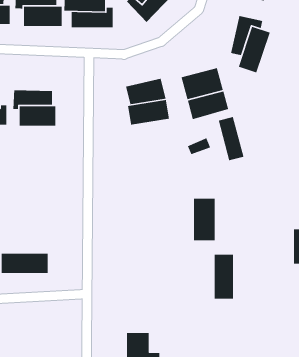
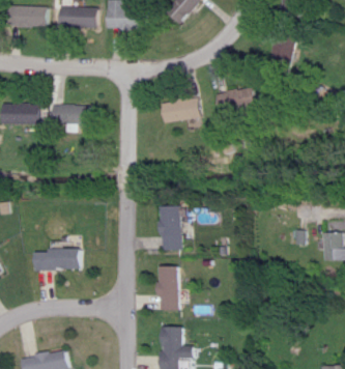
building: [218,116,244,161] -> none
building: [193,198,216,241] -> [160,210,181,253]
building: [214,254,234,299] -> [157,268,177,313]

